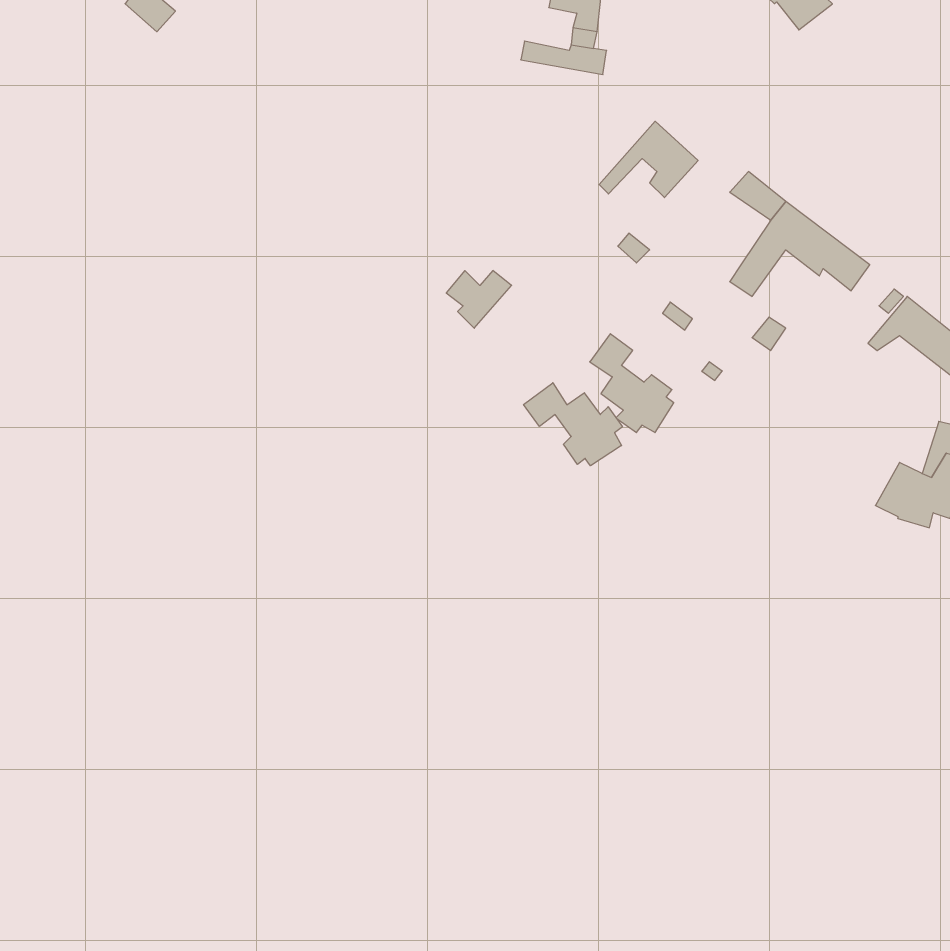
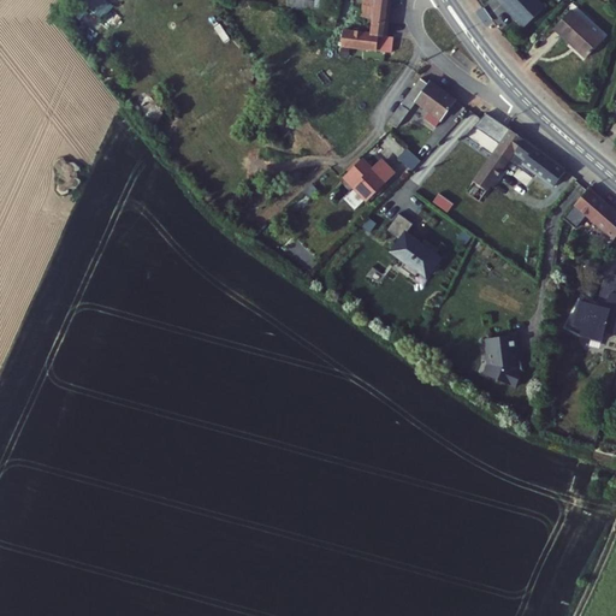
building: none -> [555,8,603,57]
building: [446,271,512,328] -> [351,164,393,201]
building: [524,383,622,466] -> none
building: none -> [478,340,520,391]

